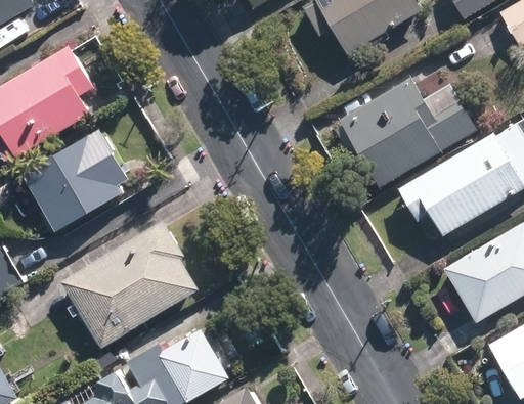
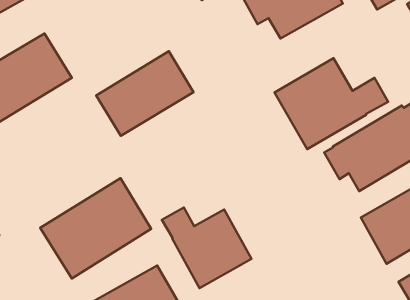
building: [20,127,137,228] -> [96,51,194,136]
building: none -> [162,207,252,288]

